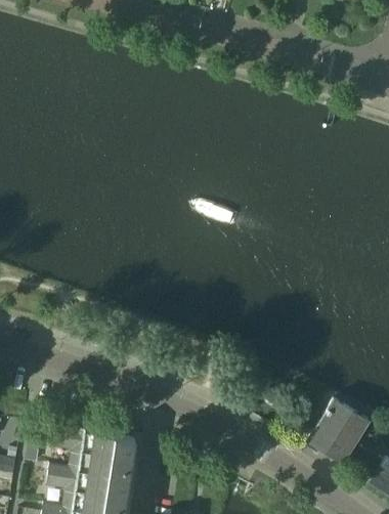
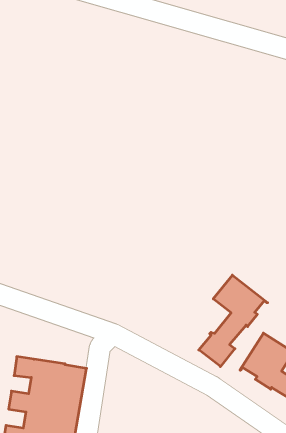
building: none -> [199,275,268,367]

